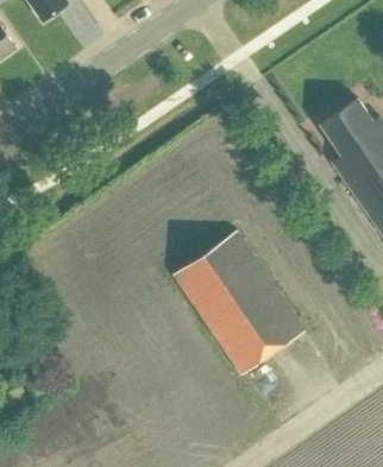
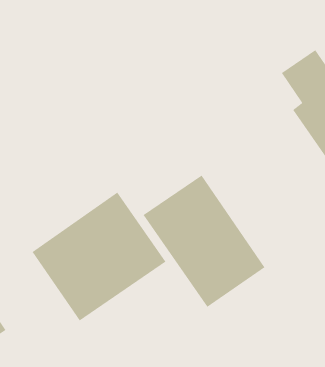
building: none -> [31,192,167,321]

